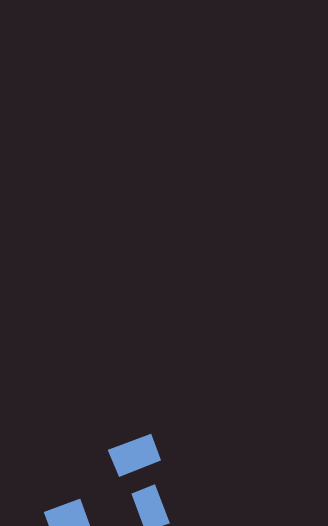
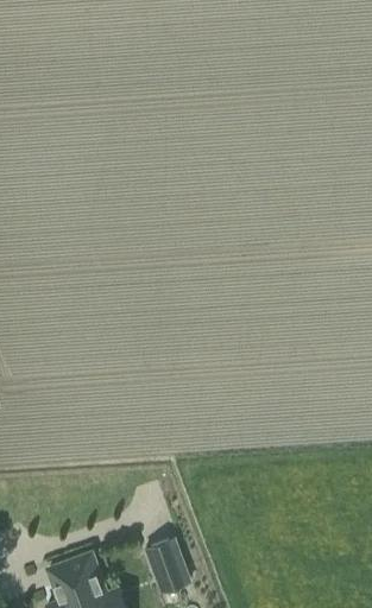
building: [107,433,162,478] -> none

